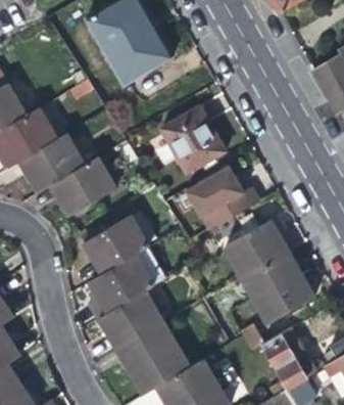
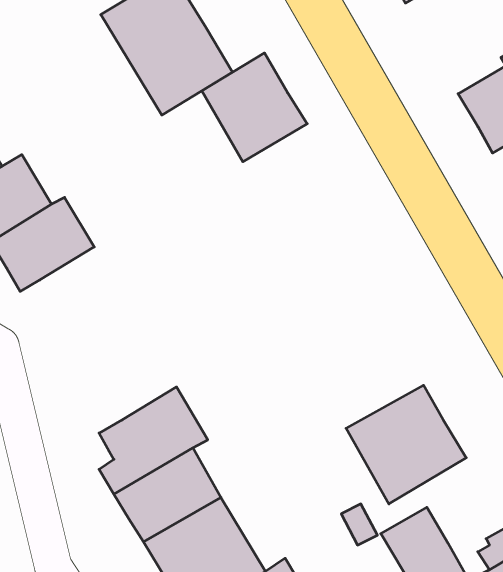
building: [161,105,227,173] -> [202,53,307,162]
building: [51,156,116,216] -> none
building: [183,164,258,232] -> none
building: [85,210,157,272] -> none
building: [224,214,289,277] -> none

